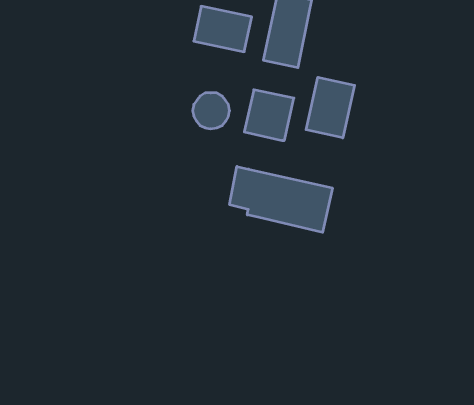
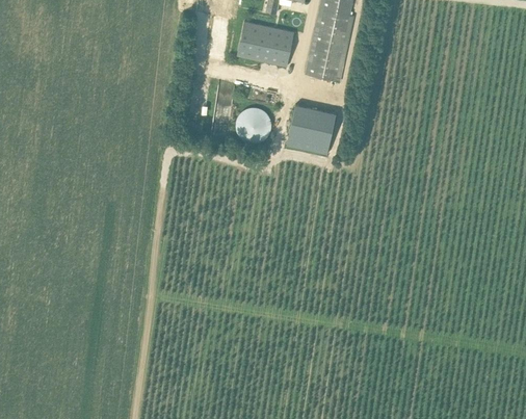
building: [306,77,355,138] -> none
building: [230,166,332,232] -> none

